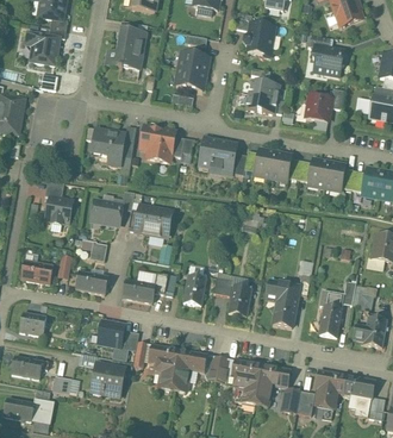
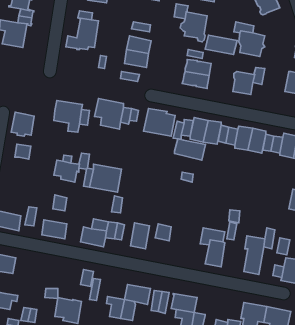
building: none -> [205,35,237,55]
building: none -> [174,139,205,160]
building: [44,196,71,225] -> [11,112,34,136]
building: [227,286,250,317] -> none
building: [98,321,124,348] -> none
building: [148,344,179,367] -> none
building: [258,364,289,388] -> none

